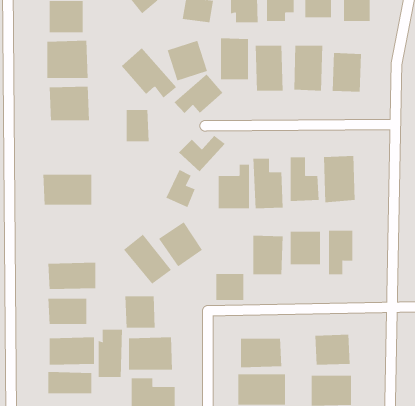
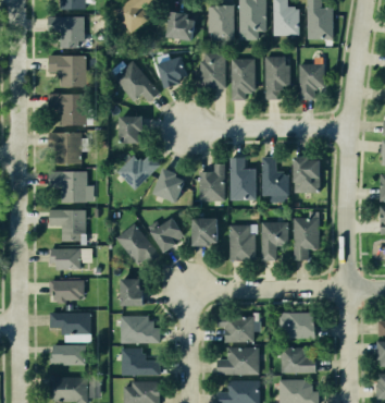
building: [174,73,223,114] -> none
building: none -> [49,132,86,166]
building: [178,135,225,172] -> [119,158,160,191]
building: none -> [49,209,89,243]
building: [215,273,244,301] -> [190,219,215,243]
building: [98,329,122,378] -> none

